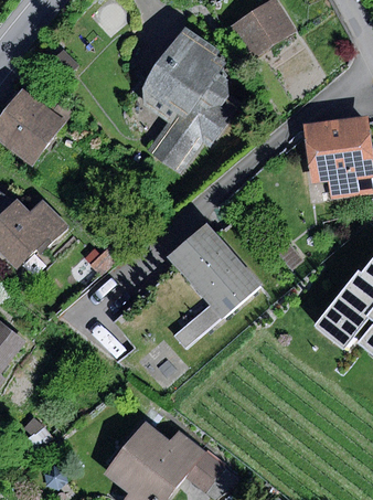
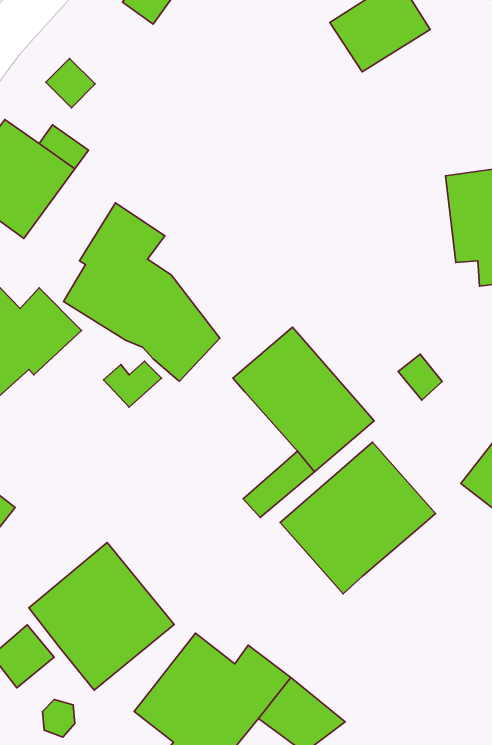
building: [141,24,241,172] -> none
building: none -> [63,203,220,381]
building: none -> [280,442,436,594]
building: none -> [29,542,174,690]

